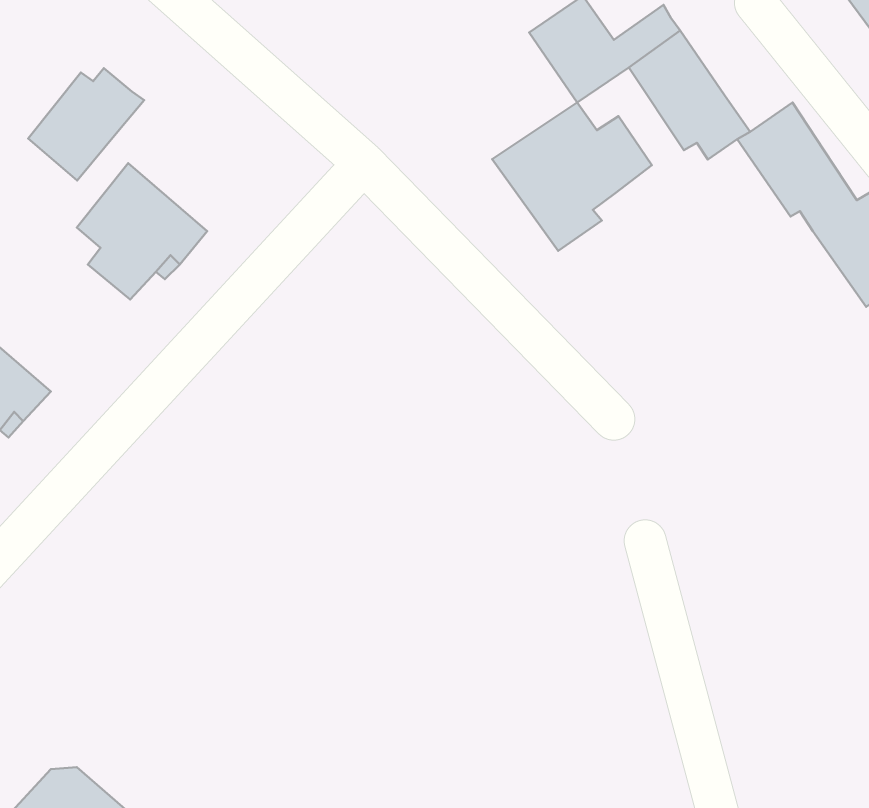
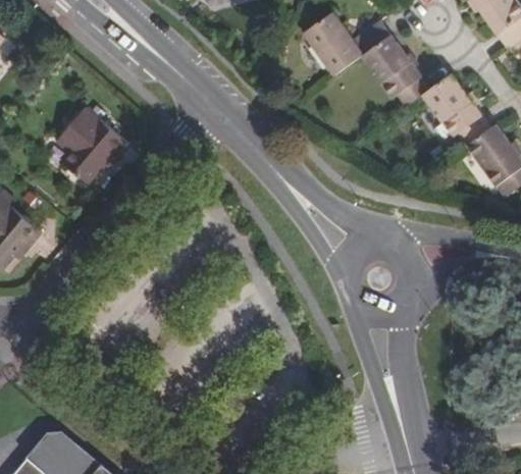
building: [28,68,144,181] -> none
building: [492,102,652,251] -> none

